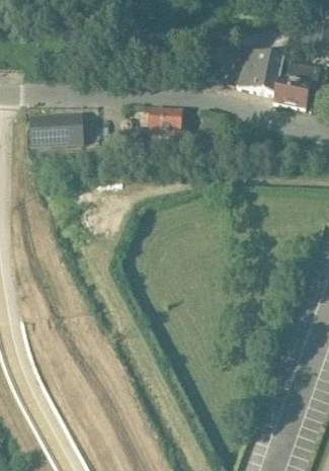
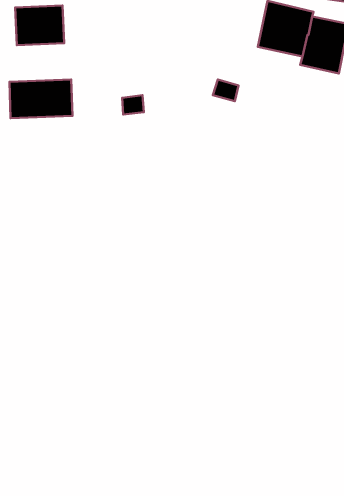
building: none -> [15,6,64,45]
building: [148,106,182,135] -> none

